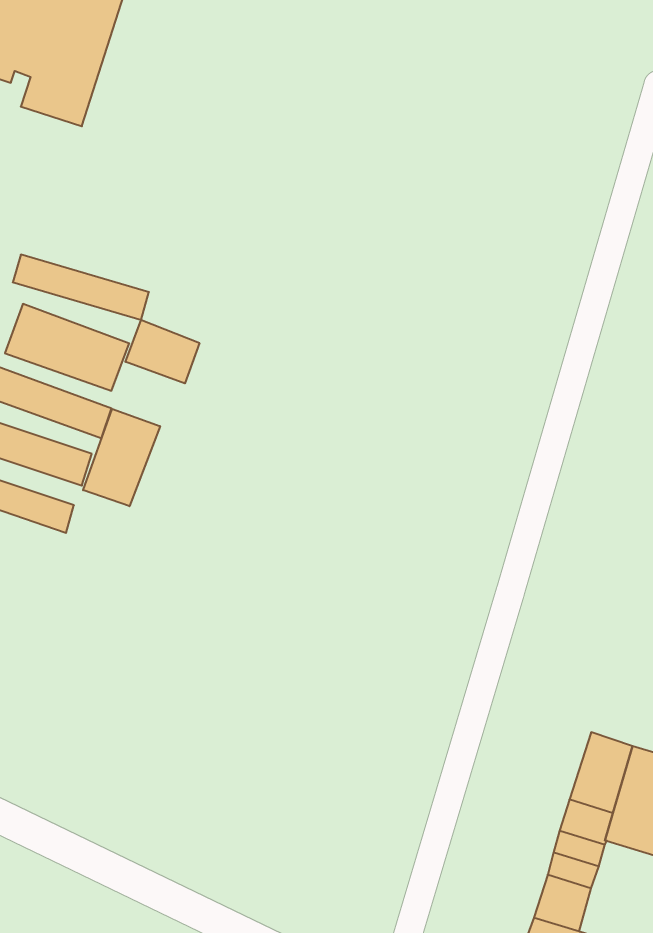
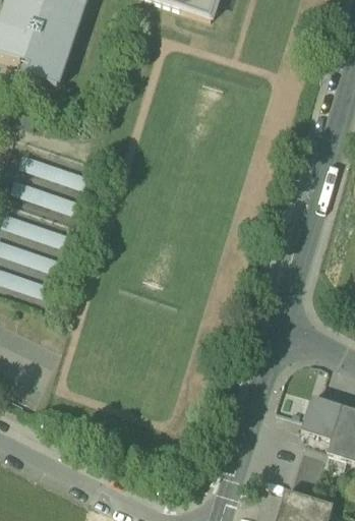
building: [125,320,199,383] -> none
building: [83,409,160,506] -> none

